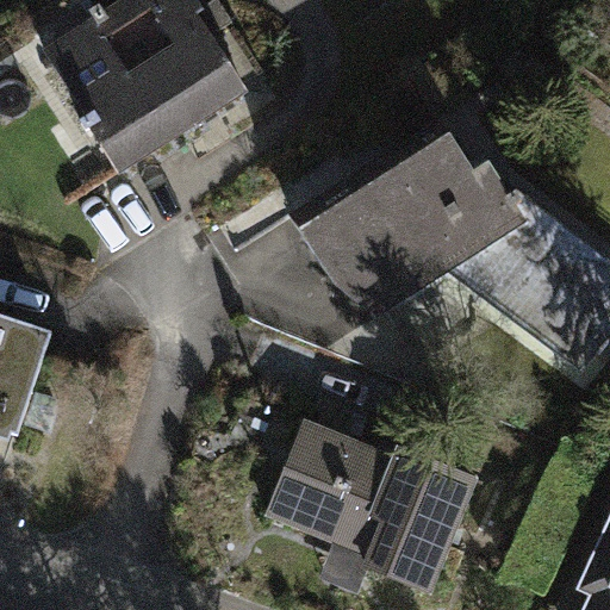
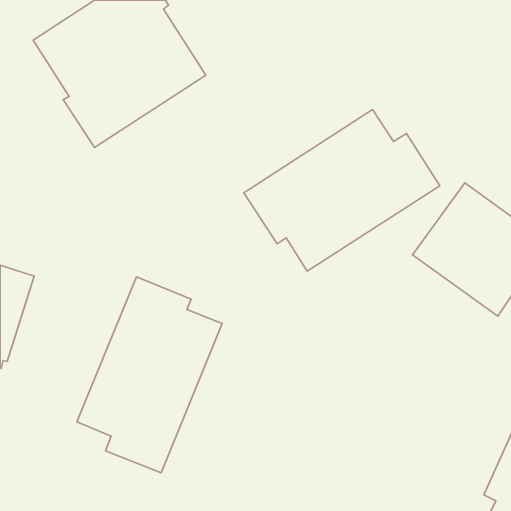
building: none -> [77,277,222,473]
building: [266,418,480,593] -> none

